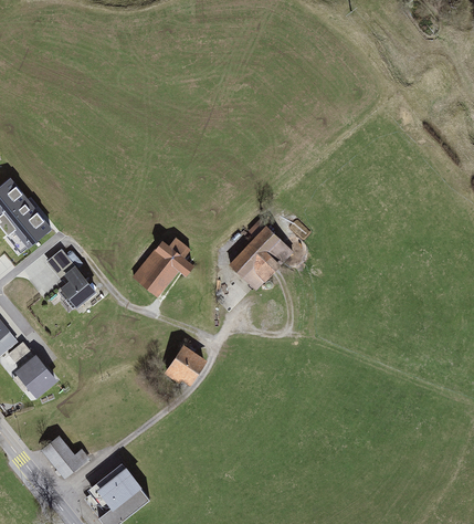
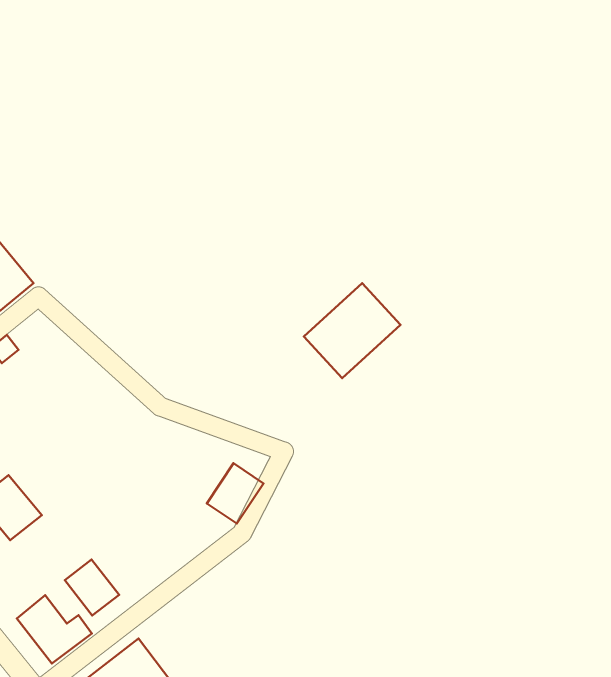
building: [133,243,185,295] -> none
building: [45,249,96,310] -> none
building: none -> [65,559,119,615]

